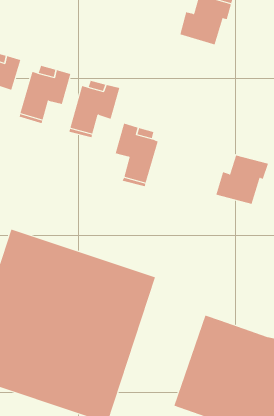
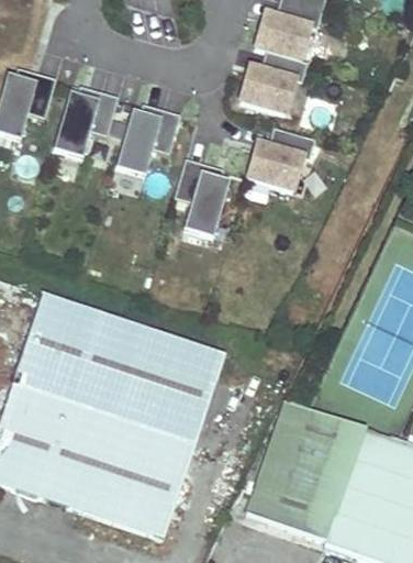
building: none -> [239,52,305,114]
building: [216,155,269,205] -> [248,129,315,191]

